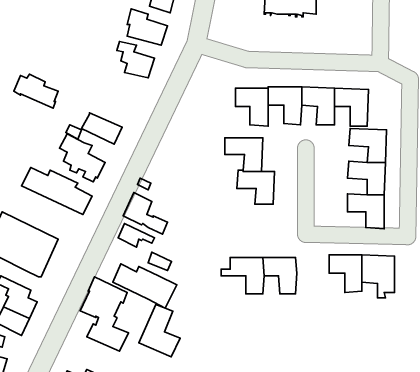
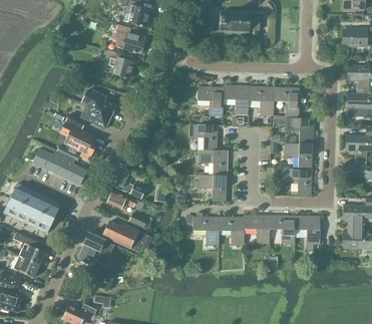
building: [14,74,58,108] -> [80,90,114,116]
building: none -> [199,175,227,202]
building: none -> [244,215,270,243]
building: [139,305,180,357] -> none

